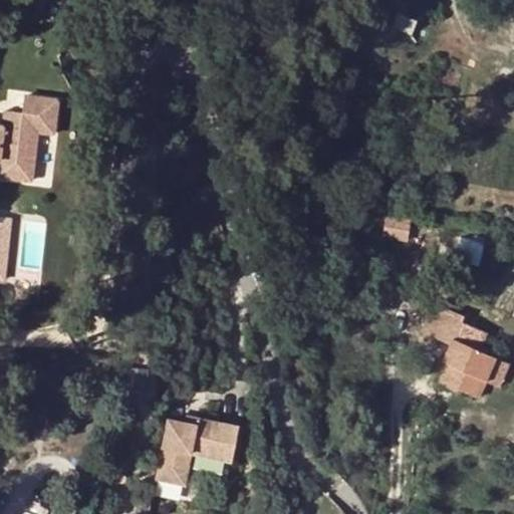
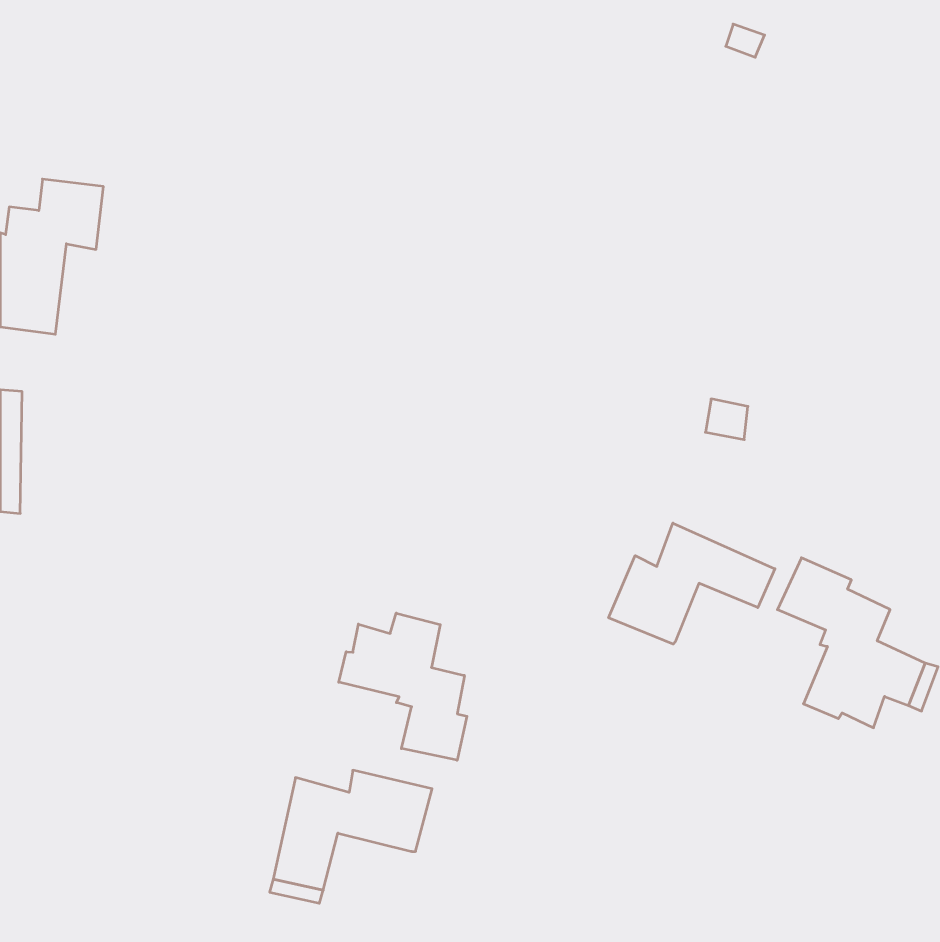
building: none -> [609,523,775,644]
building: none -> [339,613,467,760]

